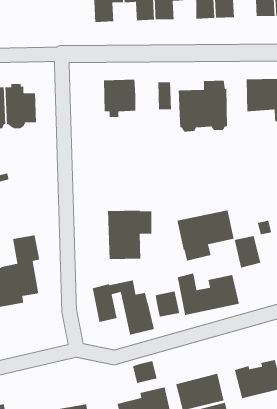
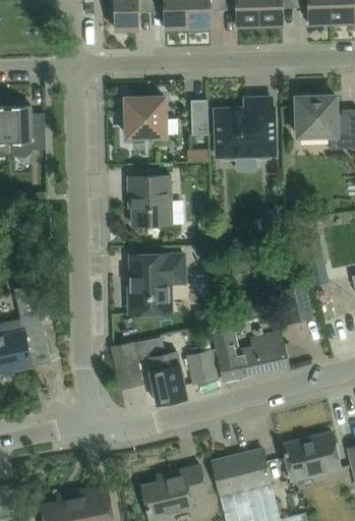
building: none -> [128,175,171,225]
building: [176,209,235,262] -> none
building: [132,360,158,384] -> none

